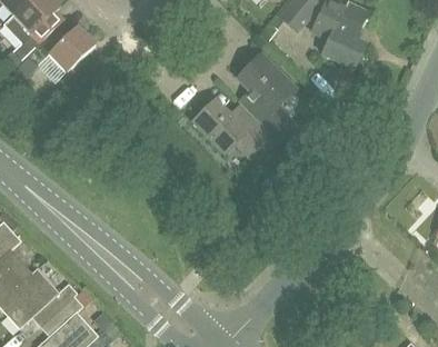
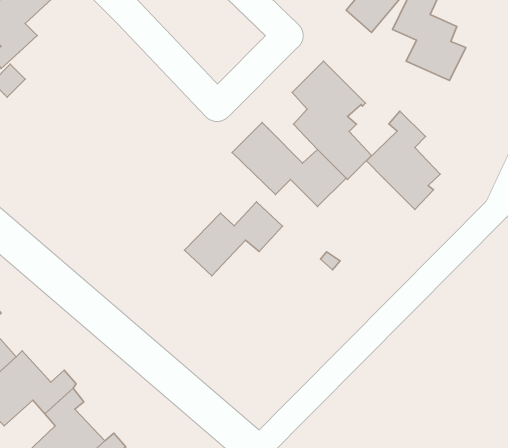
building: [34,26,96,72] -> none
building: none -> [366,111,440,210]
building: none -> [185,202,283,276]

